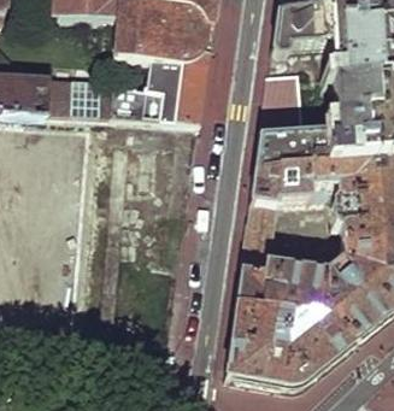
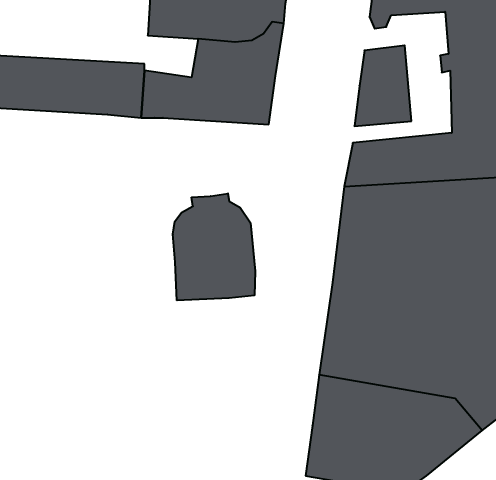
building: none -> [173,193,255,300]

